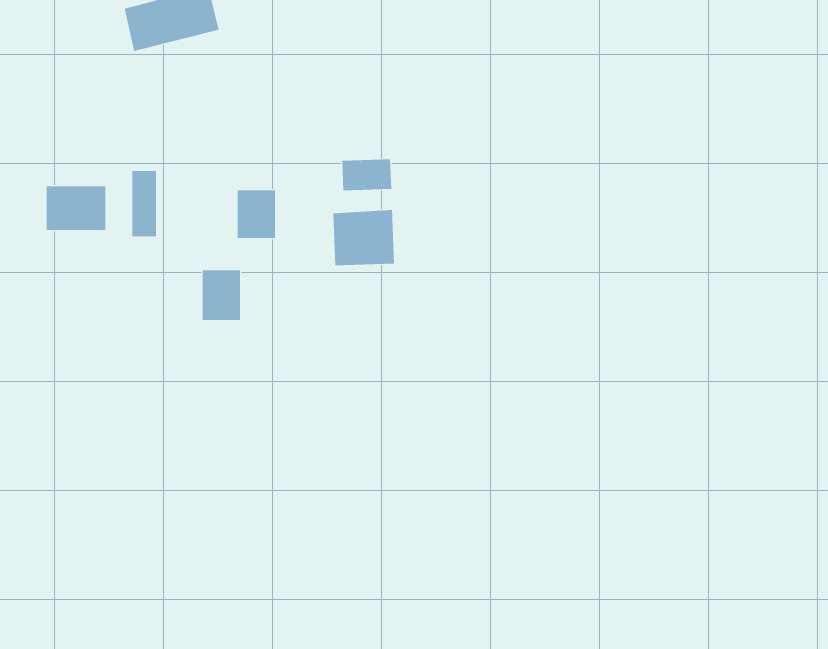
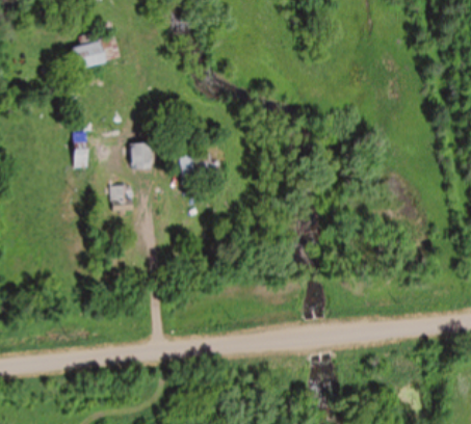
building: [342,159,392,191] -> none
building: [46,186,106,231] -> none

